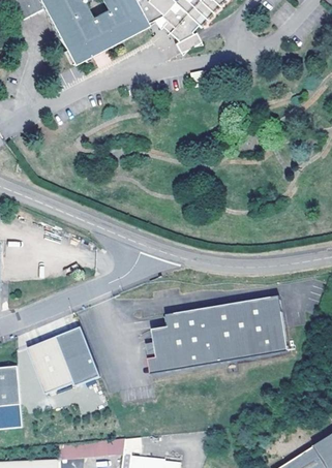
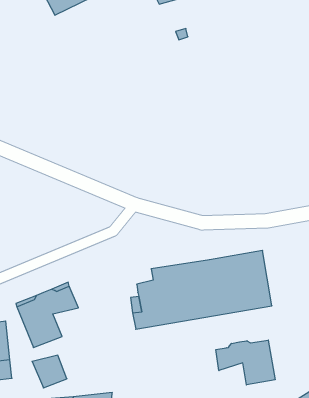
building: [67,352,102,385] -> [32,355,67,388]
building: none -> [216,340,275,385]

